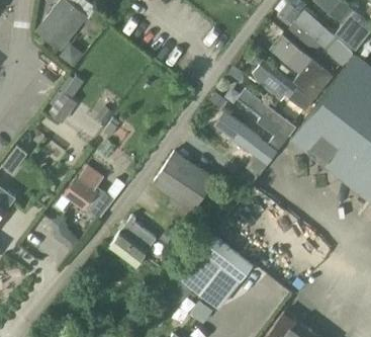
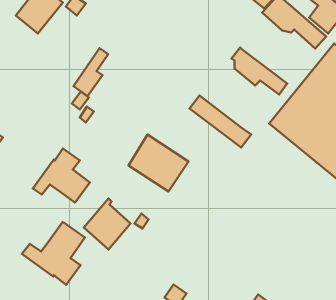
building: [269,34,332,99] -> none
building: [47,77,82,125] -> [73,48,108,96]
building: [236,90,295,152] -> none
building: [181,234,254,308] -> none
building: none -> [22,222,85,285]

